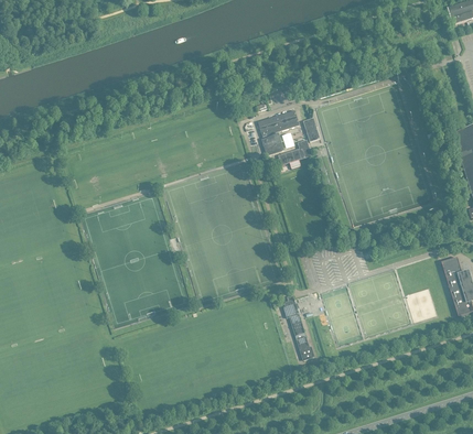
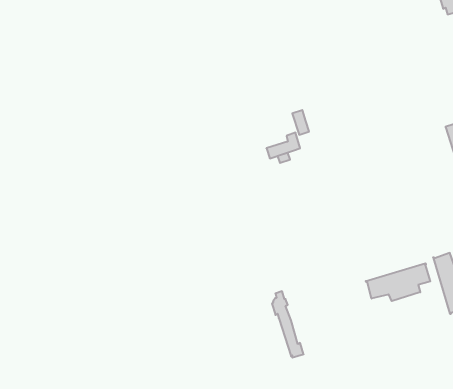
building: [257,108,298,153] -> none
building: none -> [366,263,430,301]

